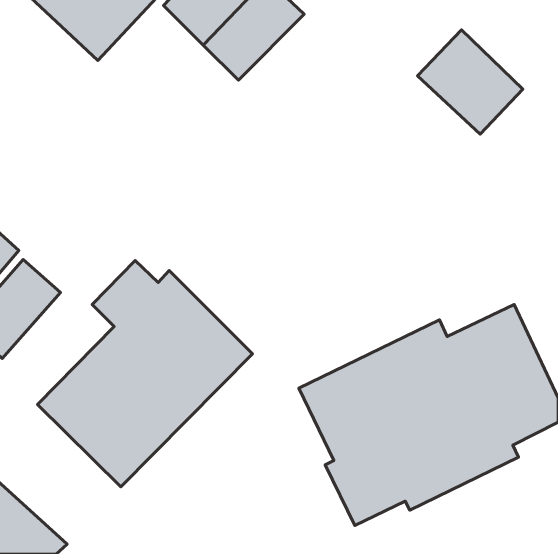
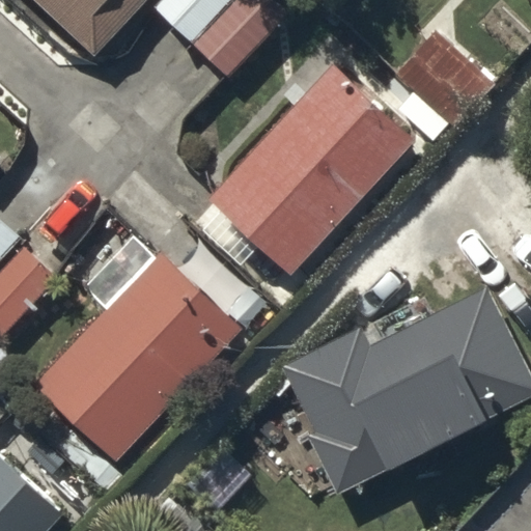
building: none -> [206,65,414,275]

